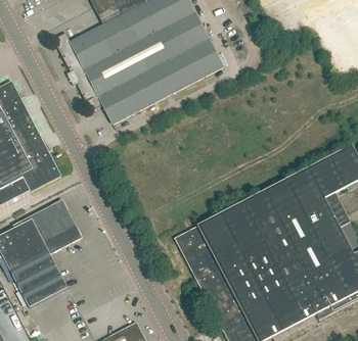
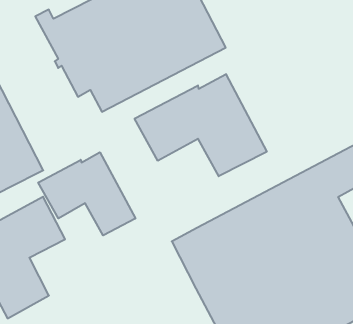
building: none -> [135,74,267,176]
building: none -> [38,152,135,235]

